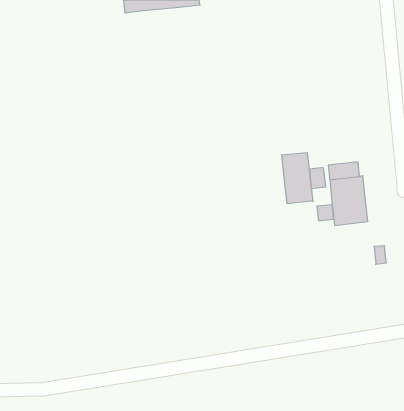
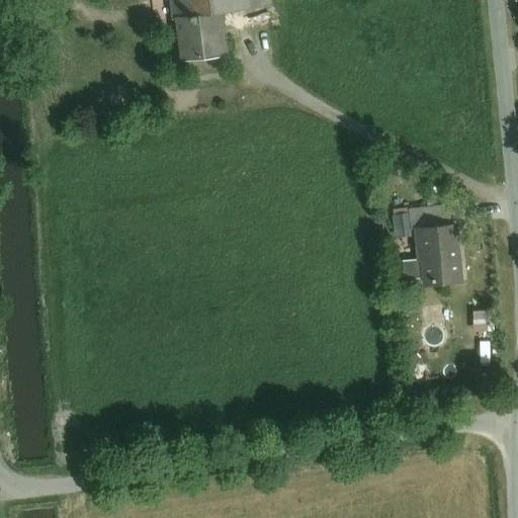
building: none -> [180,10,231,60]
building: [282,153,313,204] -> none

